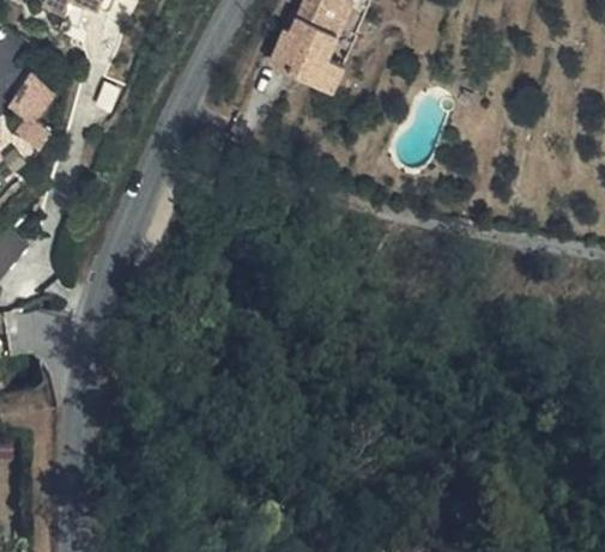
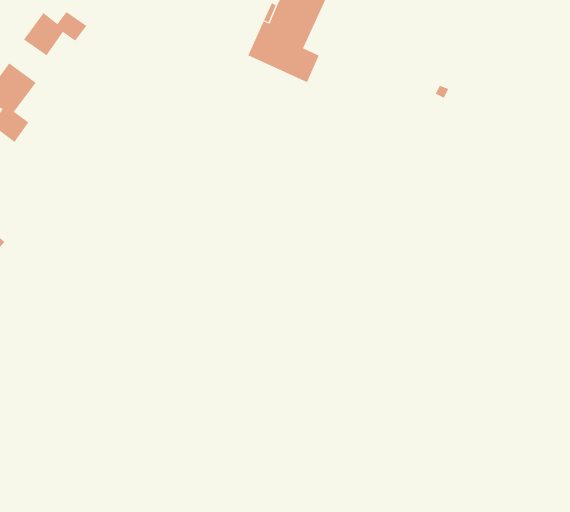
building: none -> [23,11,87,56]

